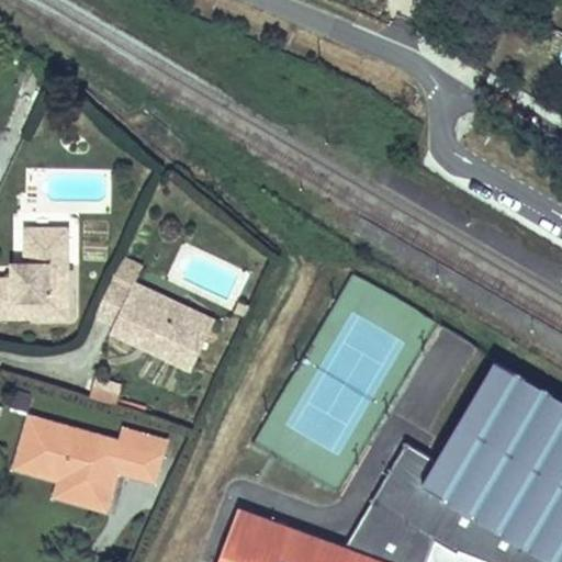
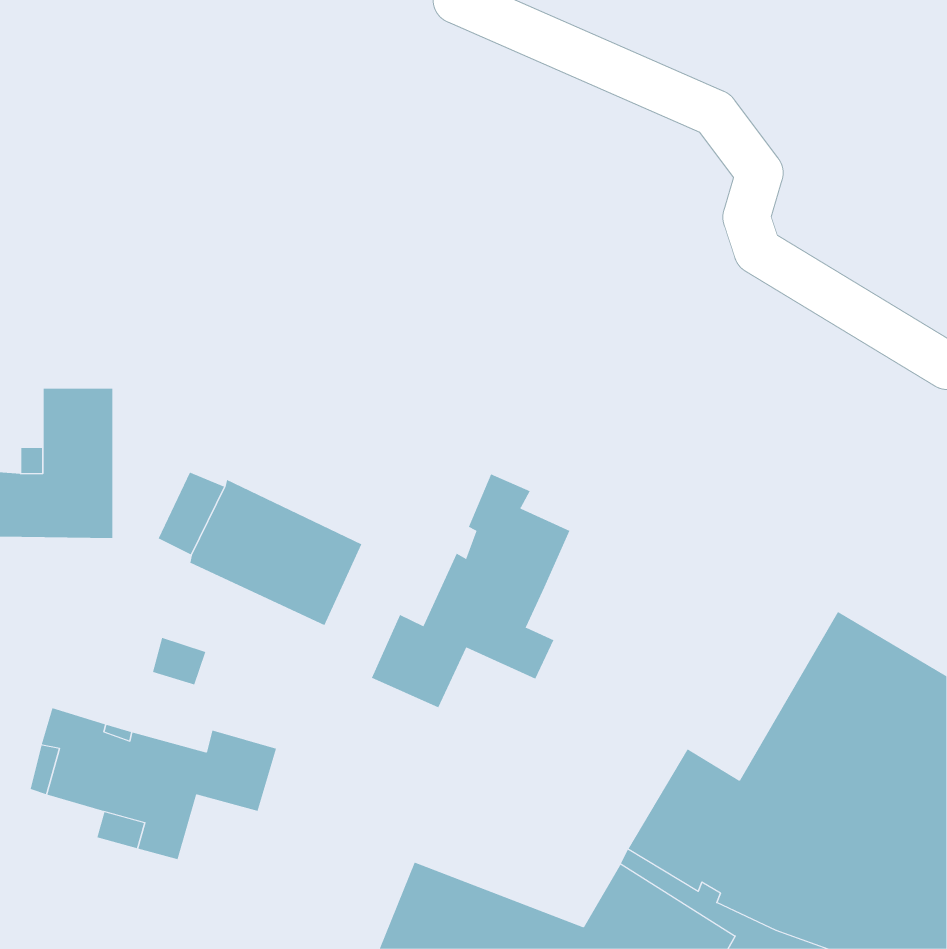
building: none -> [371,473,570,708]

